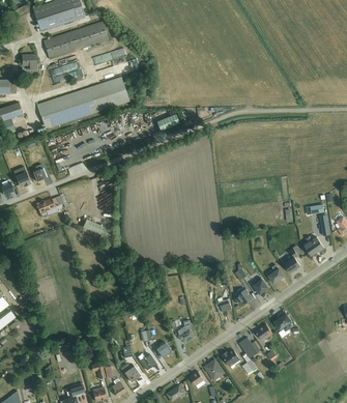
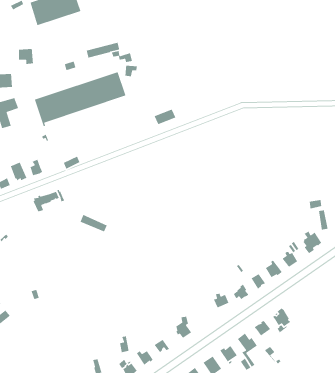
building: [44,20,109,59] -> none

